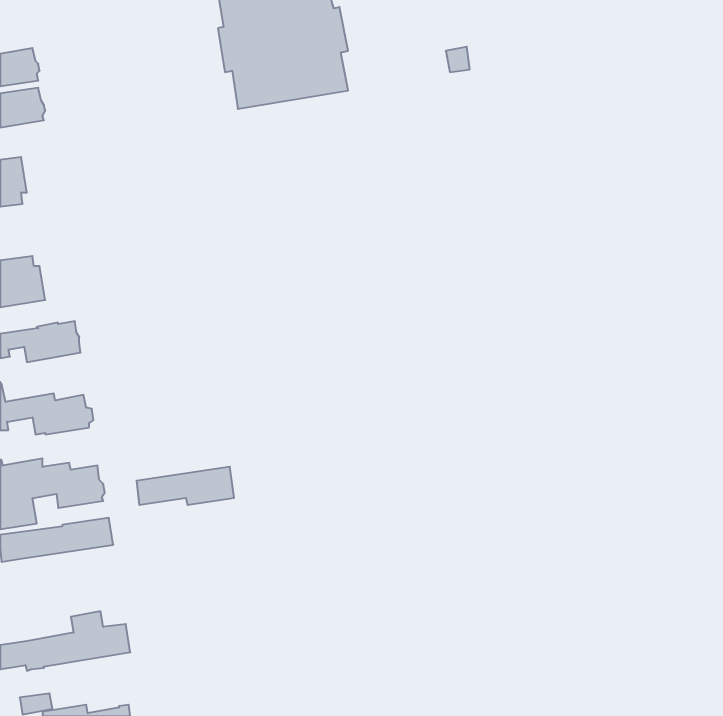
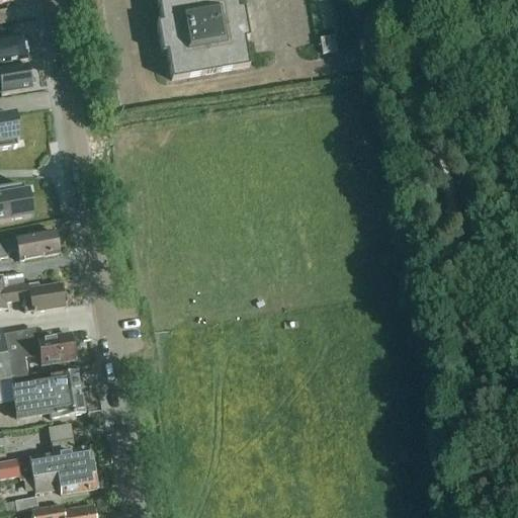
building: [136,467,234,505] -> [14,390,84,417]
building: none -> [22,466,96,493]

